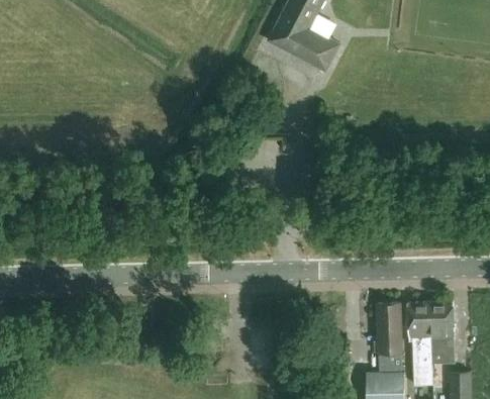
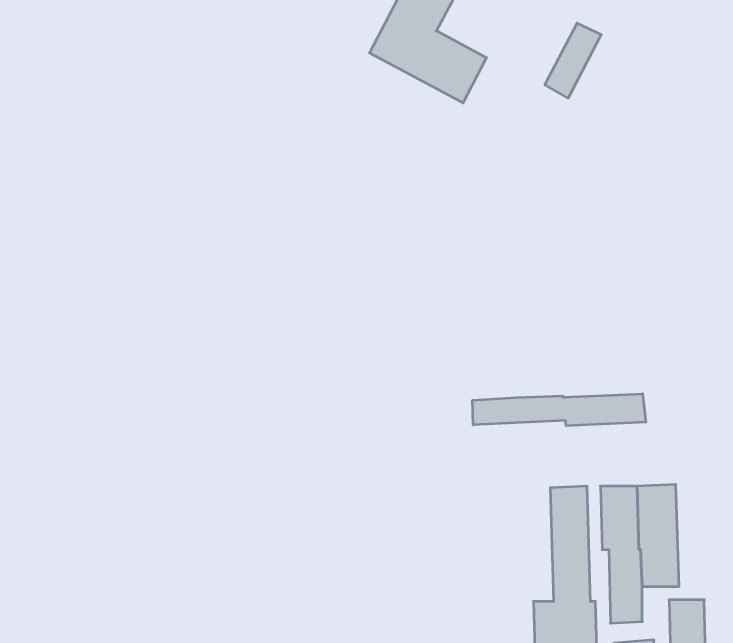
building: none -> [545,23,601,98]
building: none -> [473,394,646,426]

